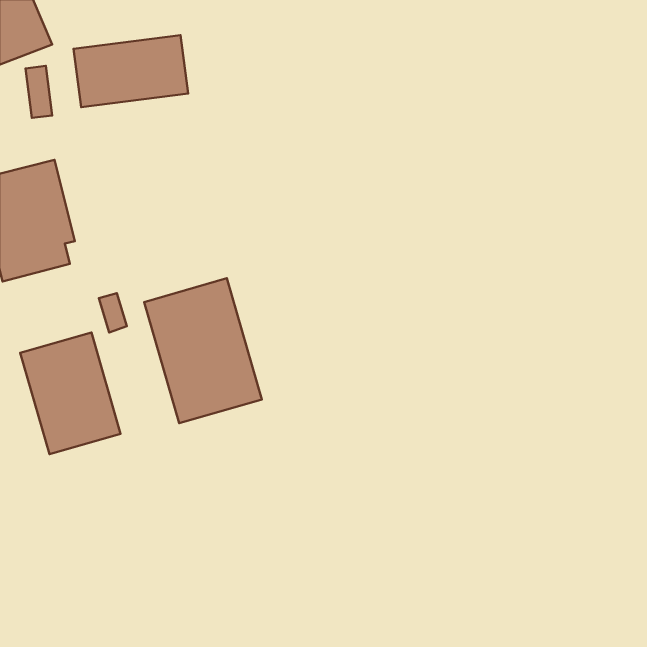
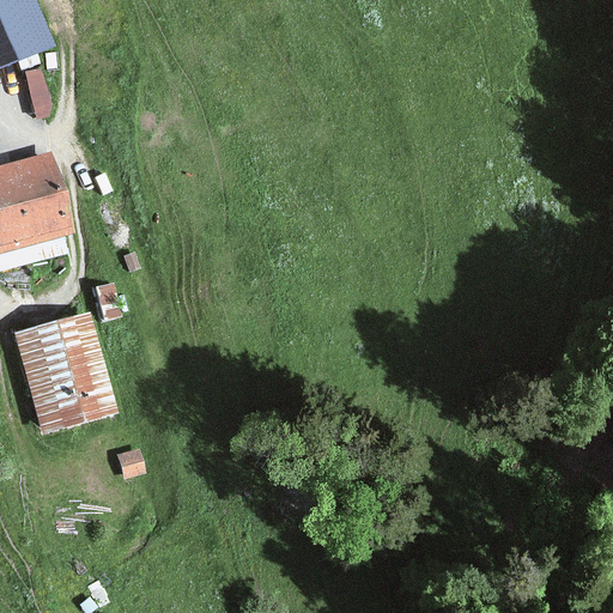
building: [73,35,188,107] -> none
building: [144,278,262,423] -> none

